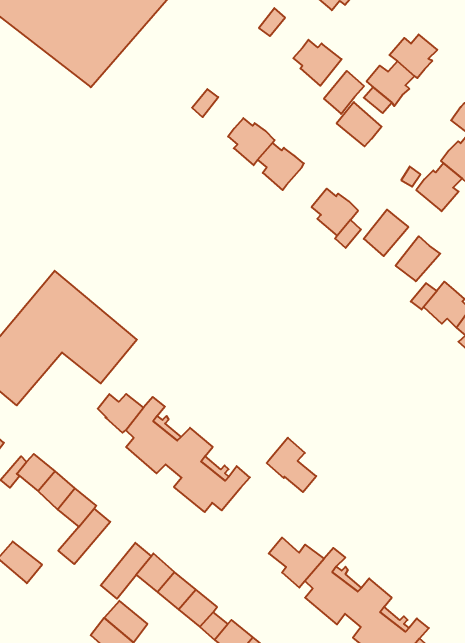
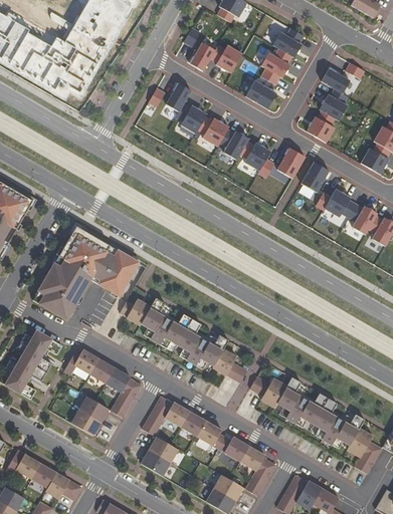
building: [324,71,364,114] -> [189,42,214,71]
building: none -> [165,83,190,111]
building: none -> [219,130,248,160]
building: [267,438,316,492] -> [212,348,246,382]
building: none -> [78,396,108,422]

